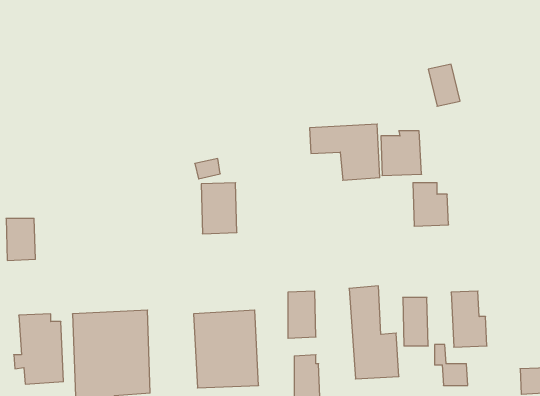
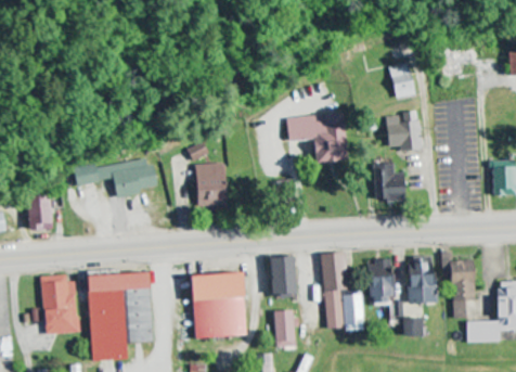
building: [381,131,422,175] -> [389,112,424,150]
building: none -> [77,158,160,196]
building: none -> [442,253,477,319]

